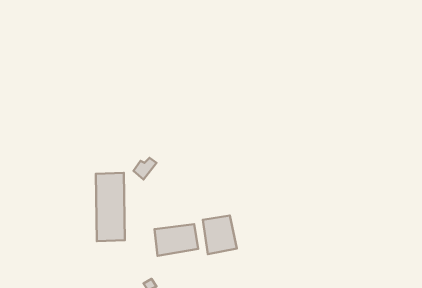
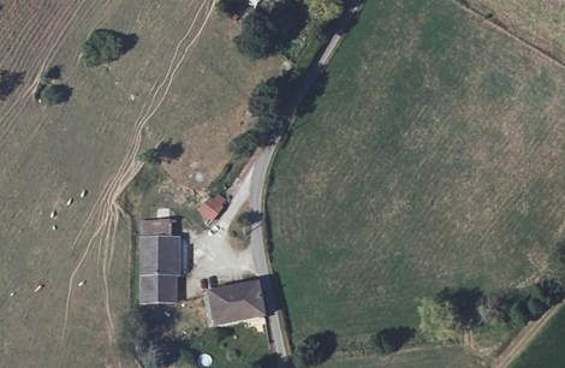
building: [203,216,237,254] -> none

